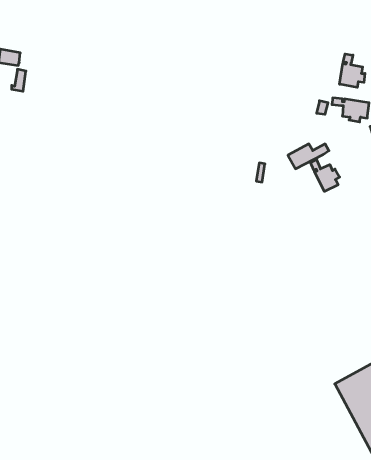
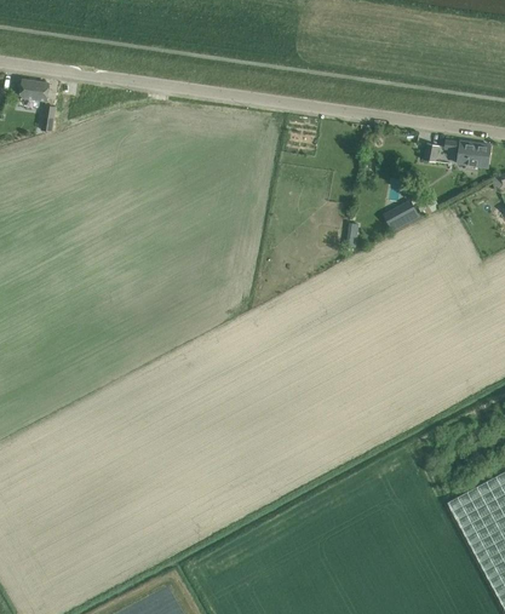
building: [340,54,365,87] -> none
building: [310,160,340,191] -> none

